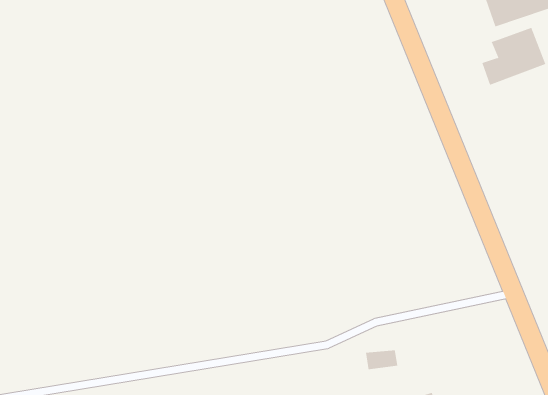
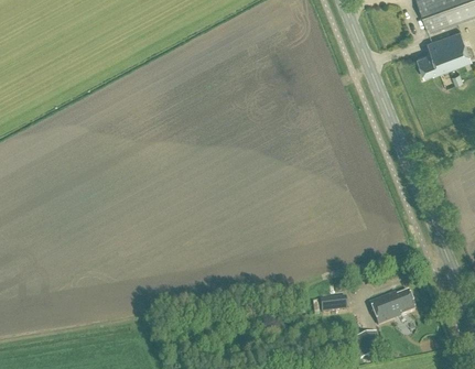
building: none -> [371,294,415,327]

